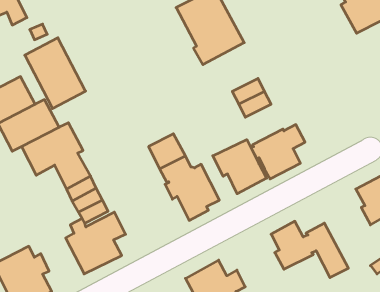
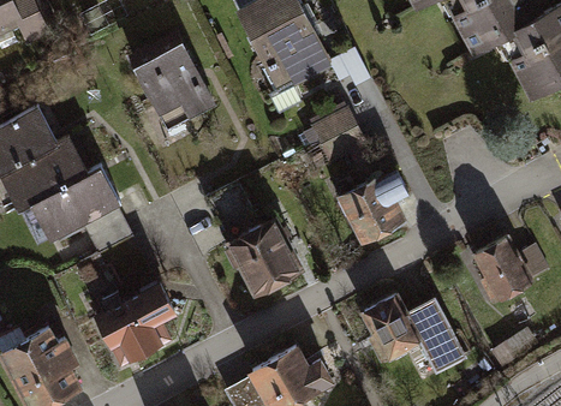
building: [25,38,86,109] -> [132,34,211,126]
building: [213,140,267,194] -> none

